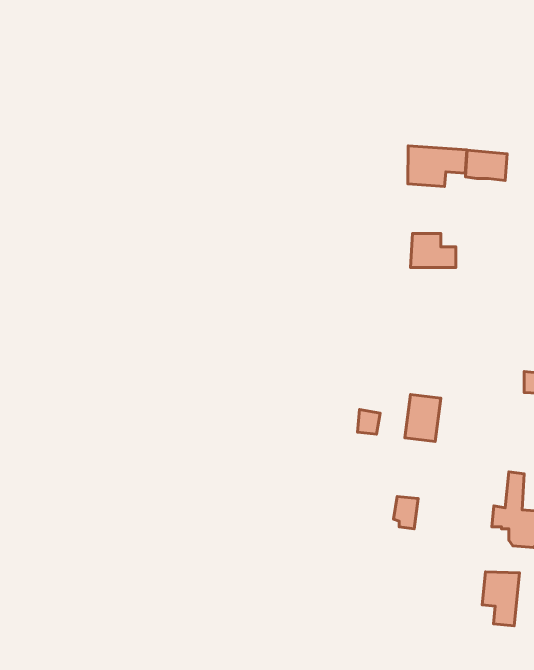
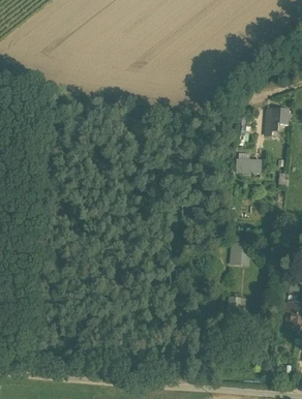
building: [408,146,467,187] -> none
building: [482,572,519,626] -> none

